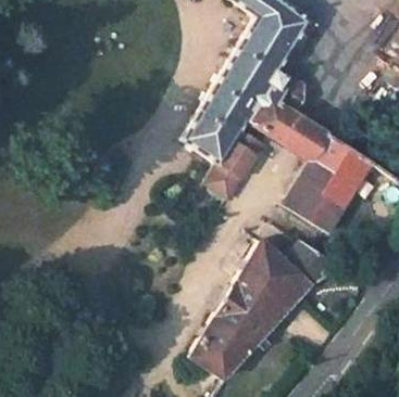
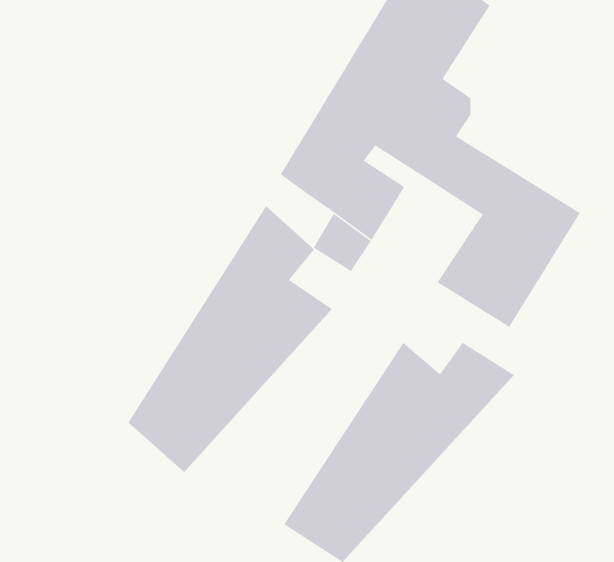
building: none -> [127,205,333,473]

